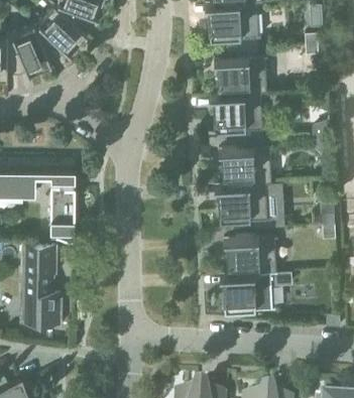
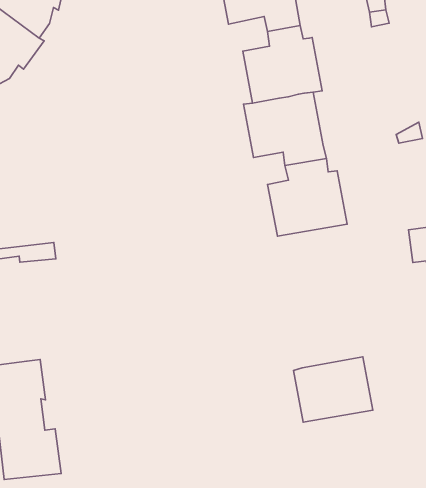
building: [219,184,283,224] -> none
building: [50,190,76,244] -> none
building: [228,239,277,277] -> none

